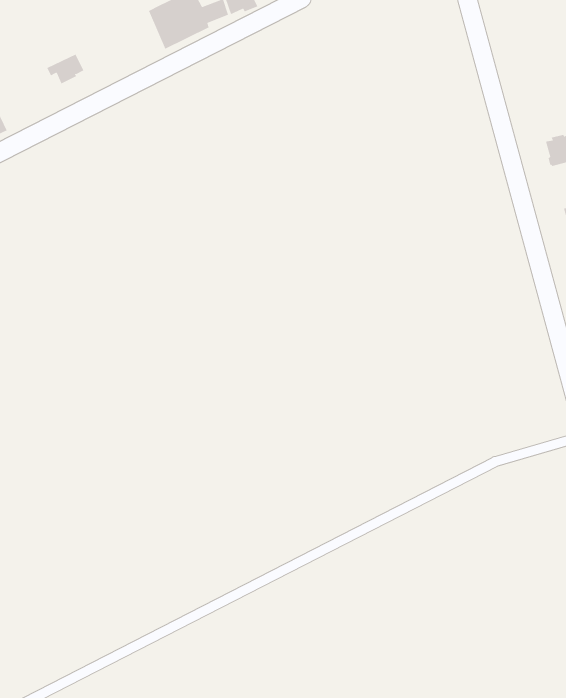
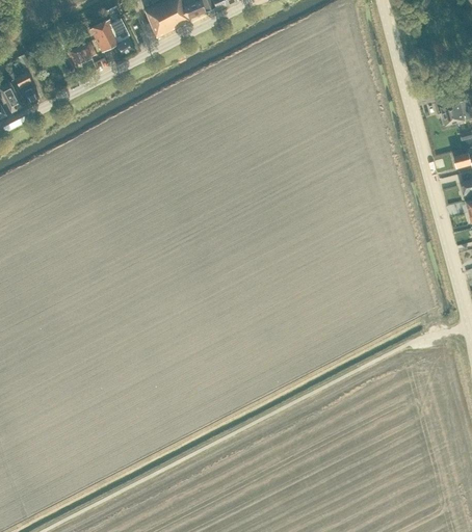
building: none -> [88,18,133,56]

